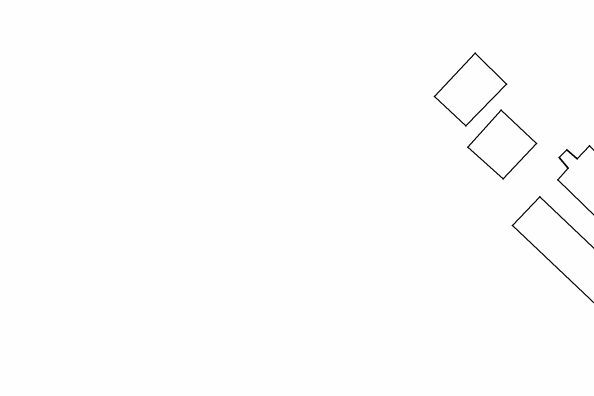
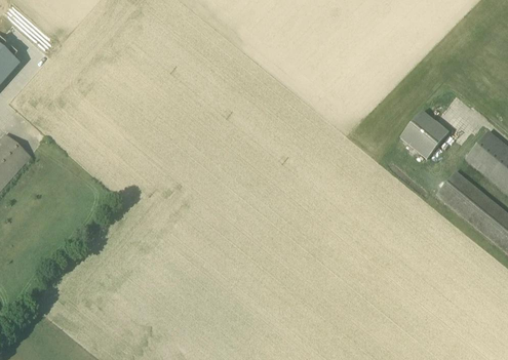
building: [435,53,507,126] -> none

